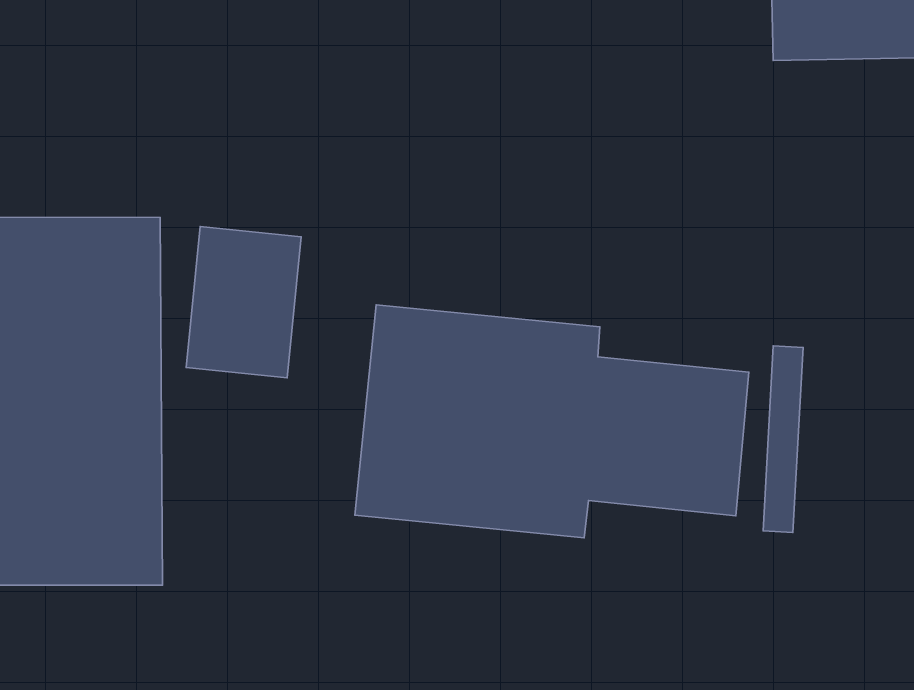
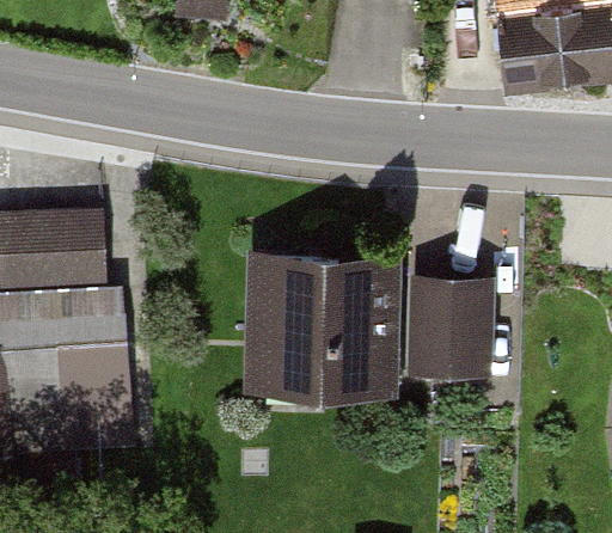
building: [186,227,301,378] -> none

